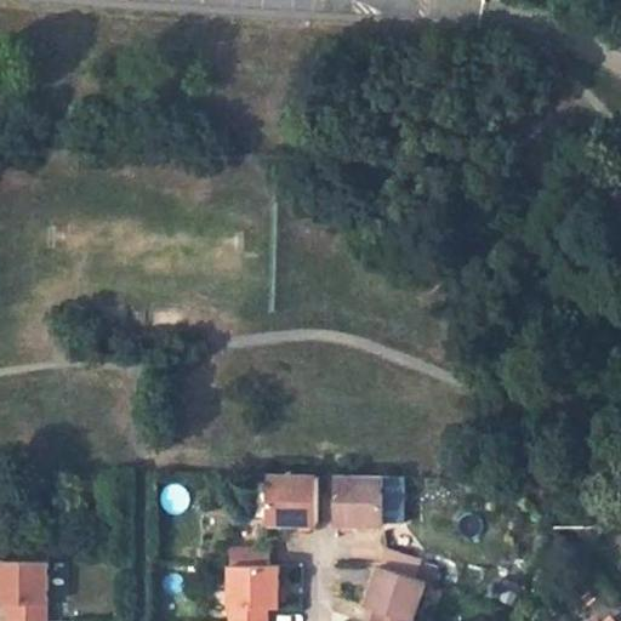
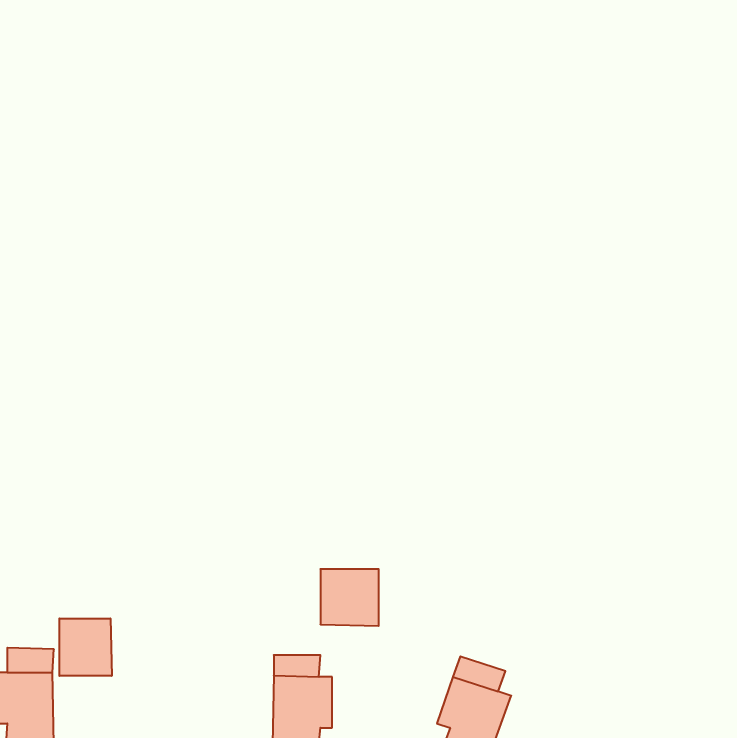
building: [332,480,383,529] -> none
building: none -> [59,618,112,676]

